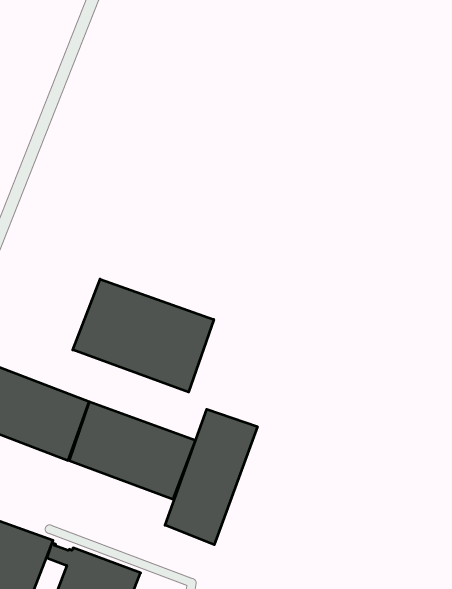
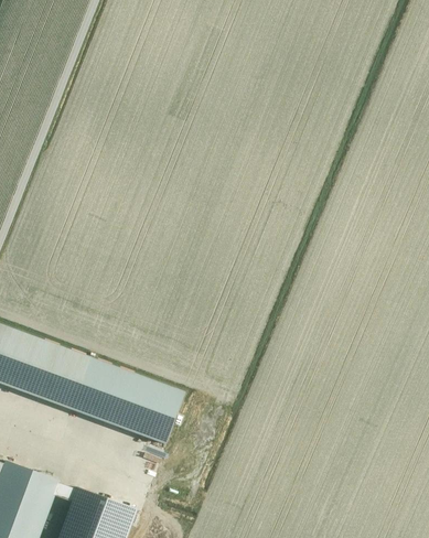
building: [73,279,214,392] -> none
building: [165,409,257,545] -> none

